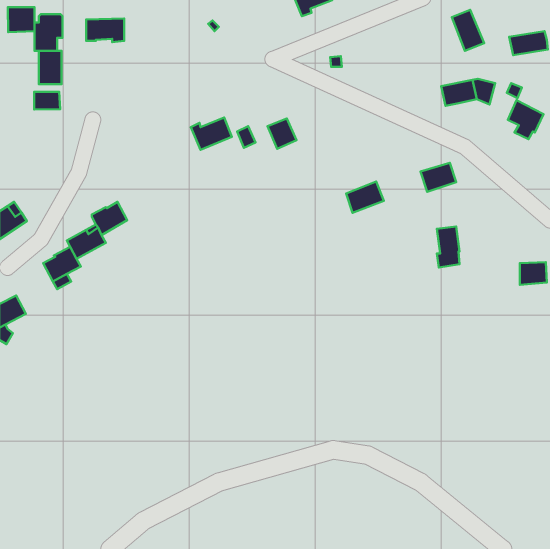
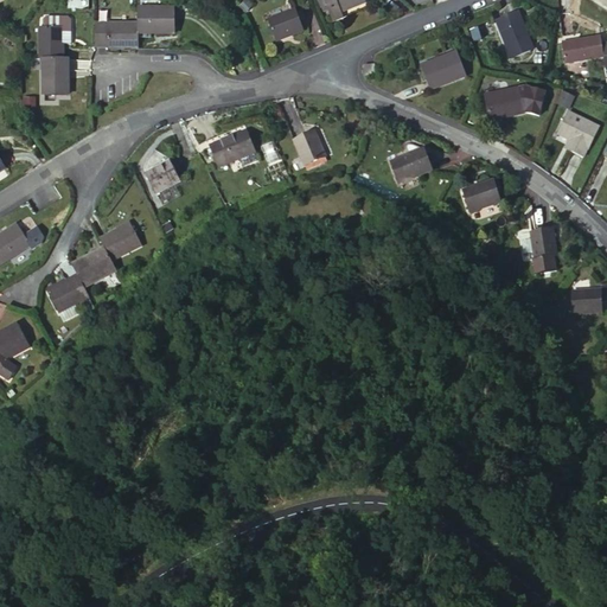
building: none -> [138,7,173,30]
building: none -> [268,7,302,39]
building: [8,7,35,32] -> none
building: none -> [423,53,466,88]
building: [34,92,60,109] -> none
building: none -> [146,160,180,192]
building: [346,181,384,213] -> [391,147,433,181]
building: [437,227,459,268] -> [531,228,556,273]

